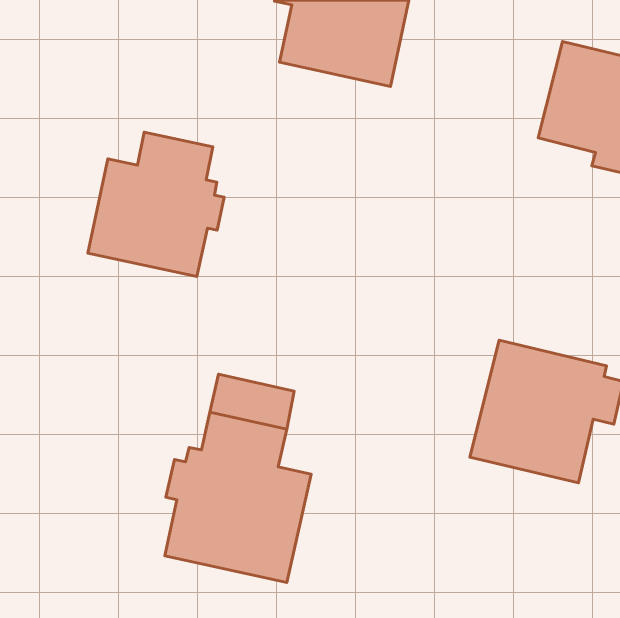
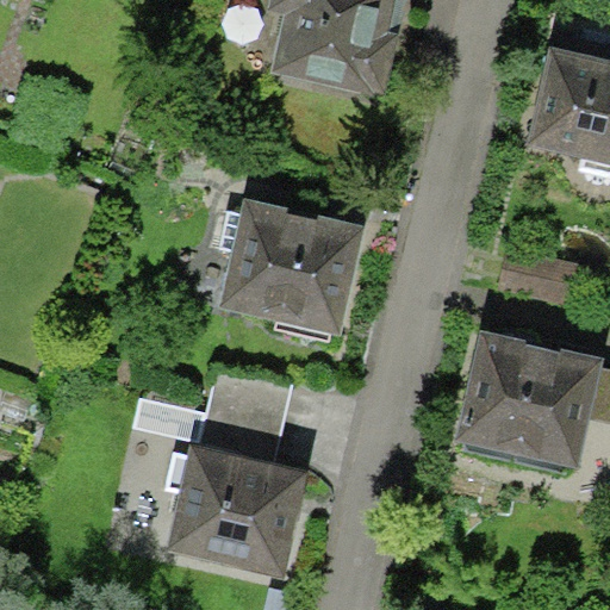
building: [88,132,224,277] -> none
building: none -> [220,200,359,342]

